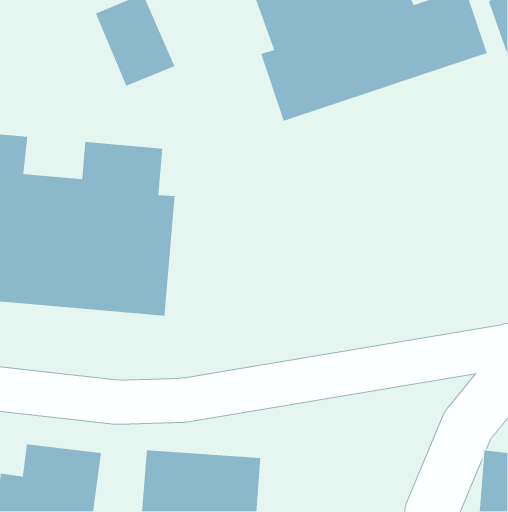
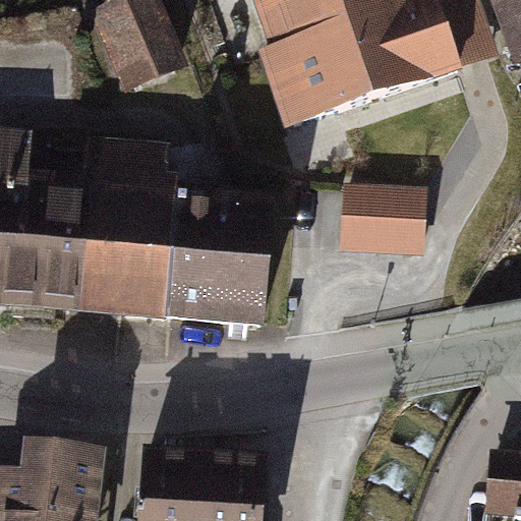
building: none -> [342,188,418,251]
building: none -> [167,197,271,327]

